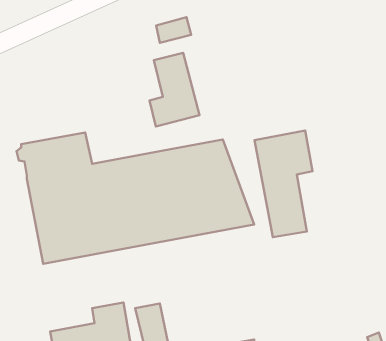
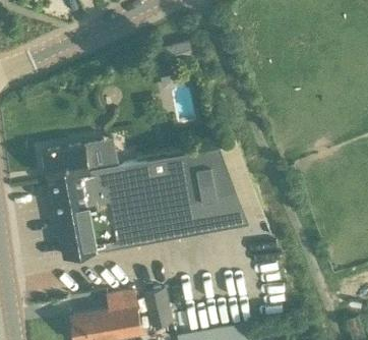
building: [149,53,199,126] -> none
building: [255,131,312,237] -> none

